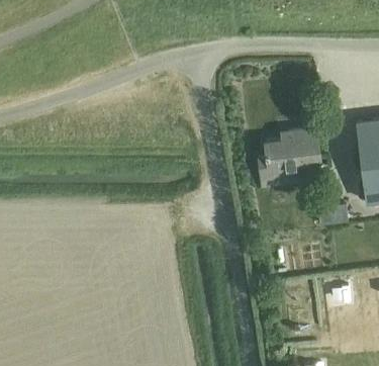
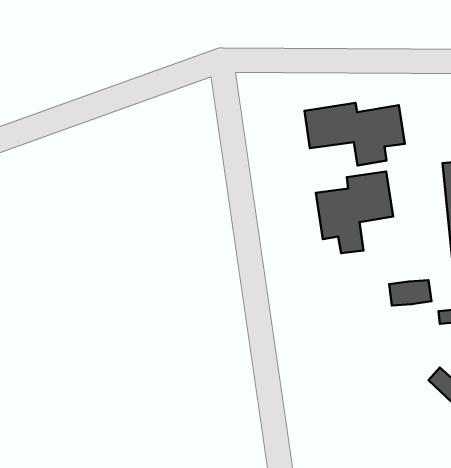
building: none -> [304,103,405,165]

